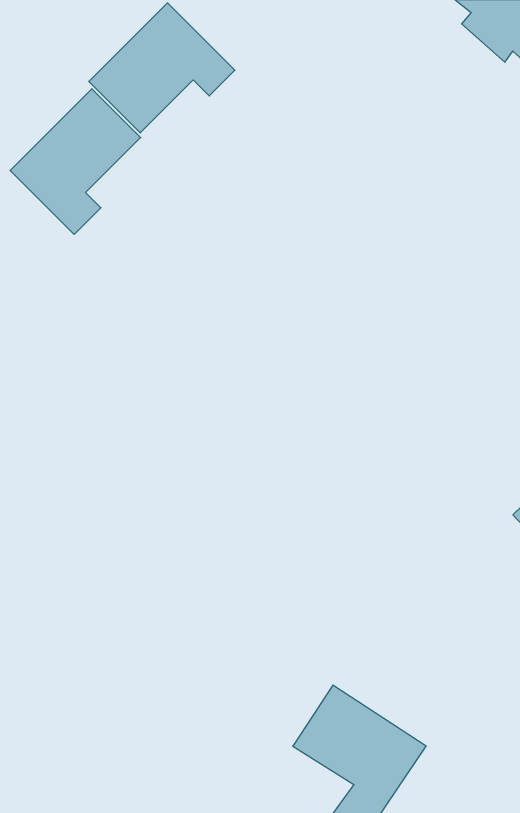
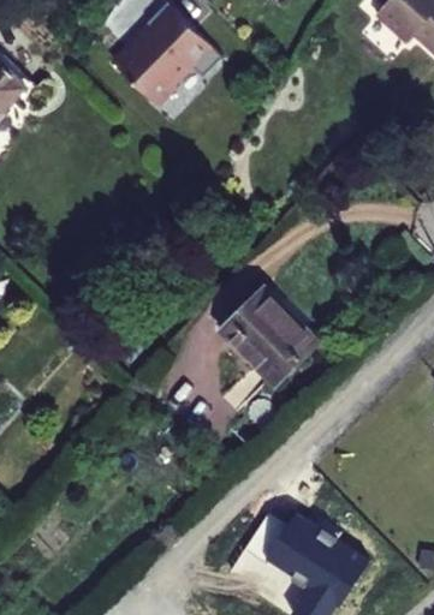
building: [10,89,141,234] -> none
building: none -> [224,291,317,386]

